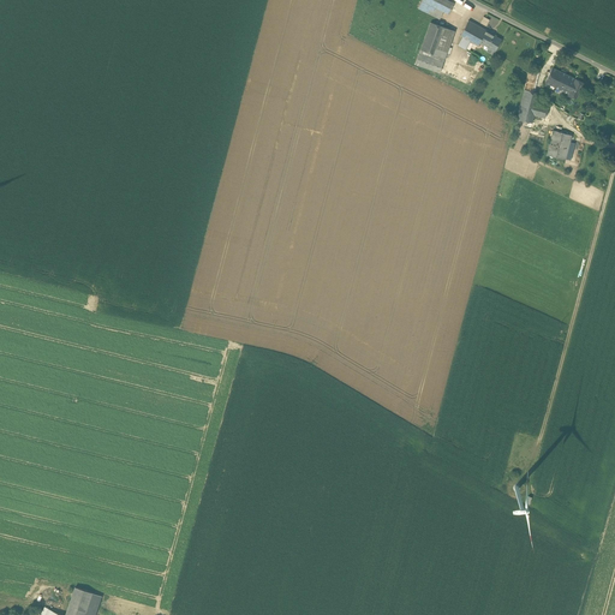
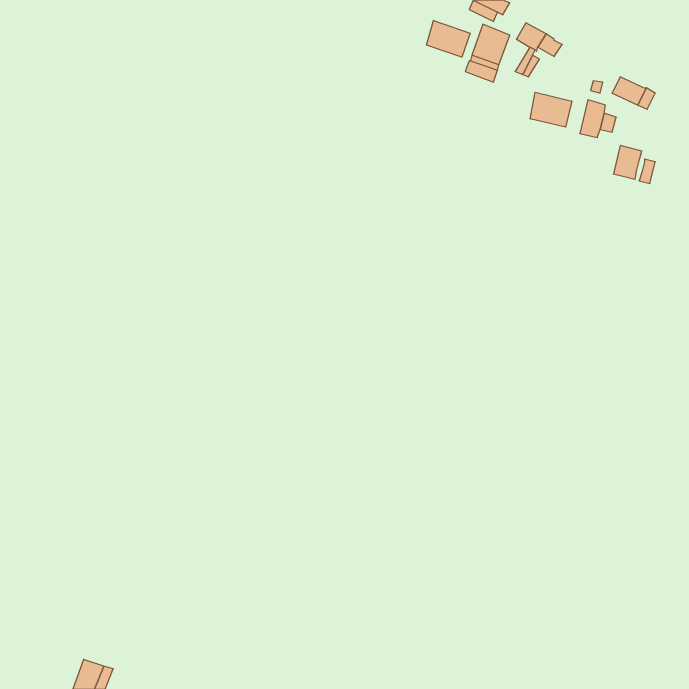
building: none -> [427,20,470,57]
building: none -> [530,92,572,127]

